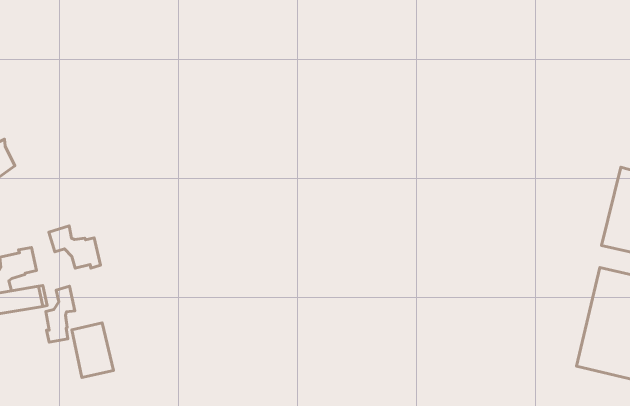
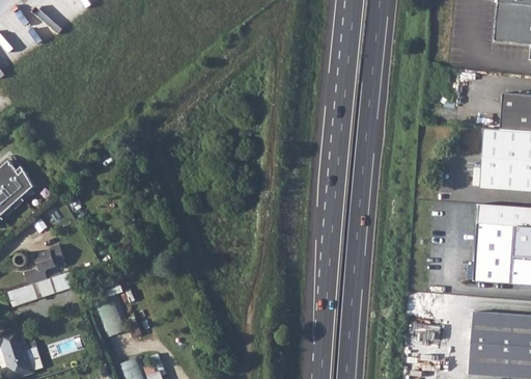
building: [49,226,100,268] -> none
building: [46,286,75,342] -> none

